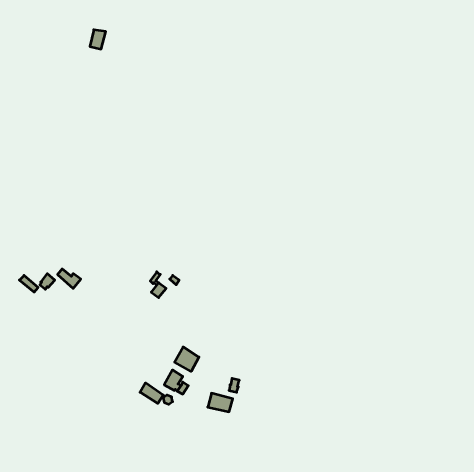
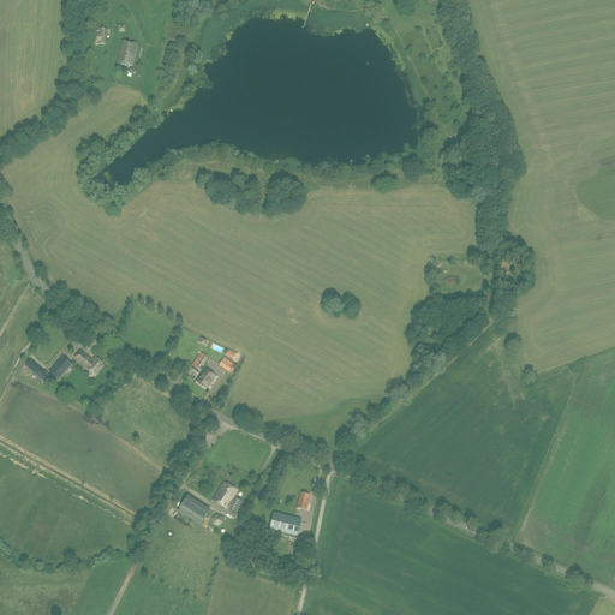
building: [175,347,199,371] -> none

